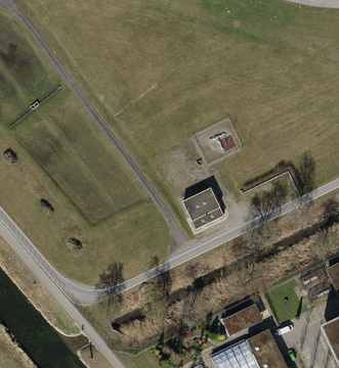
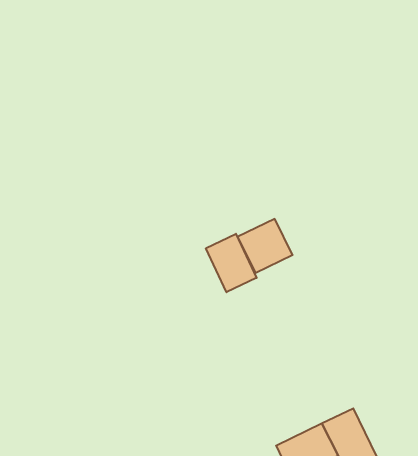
building: none -> [206,234,257,292]
building: [222,303,264,336] -> none

